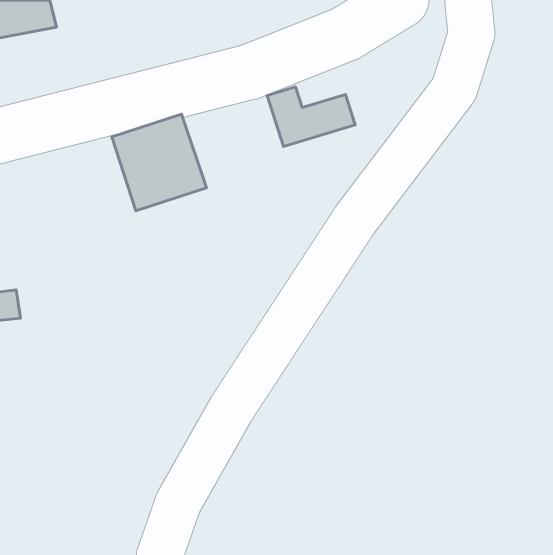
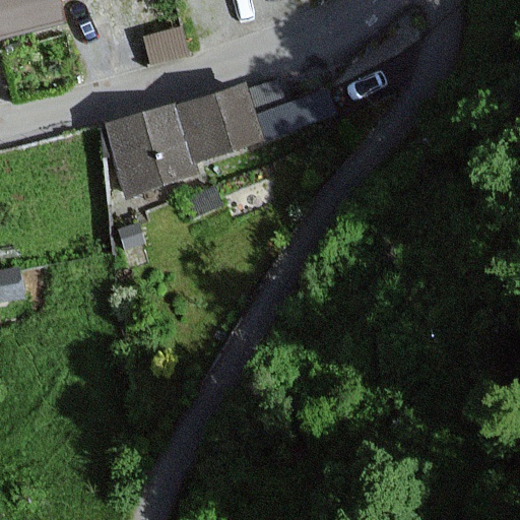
building: none -> [170,84,259,164]

